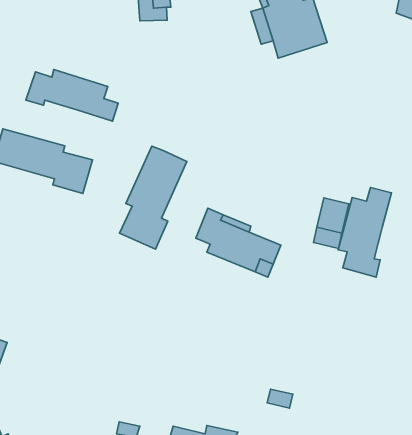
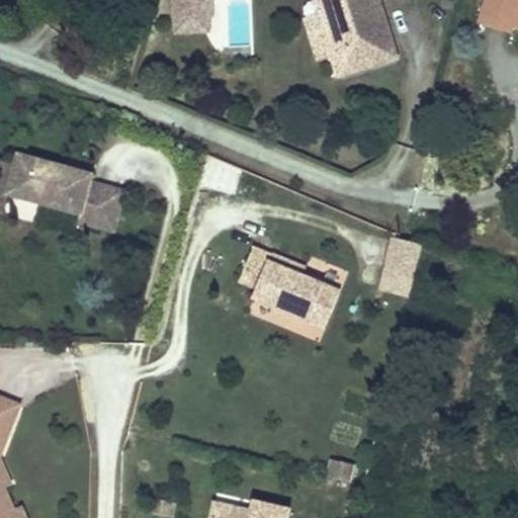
building: [26,70,118,121] -> none
building: [120,146,187,249] -> none
building: [338,187,391,277] -> none

